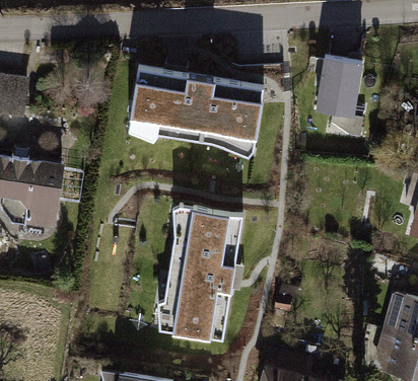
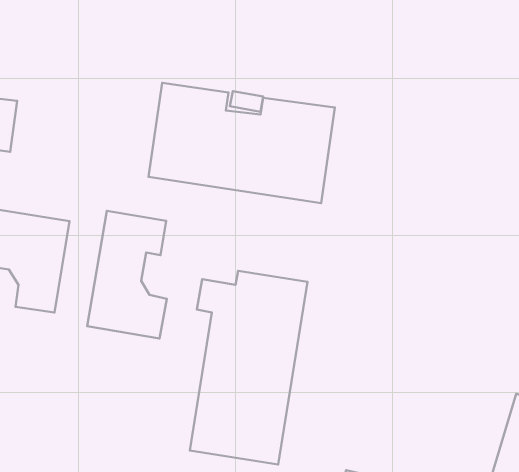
building: [310,55,364,131] -> none
building: none -> [87,211,167,338]

